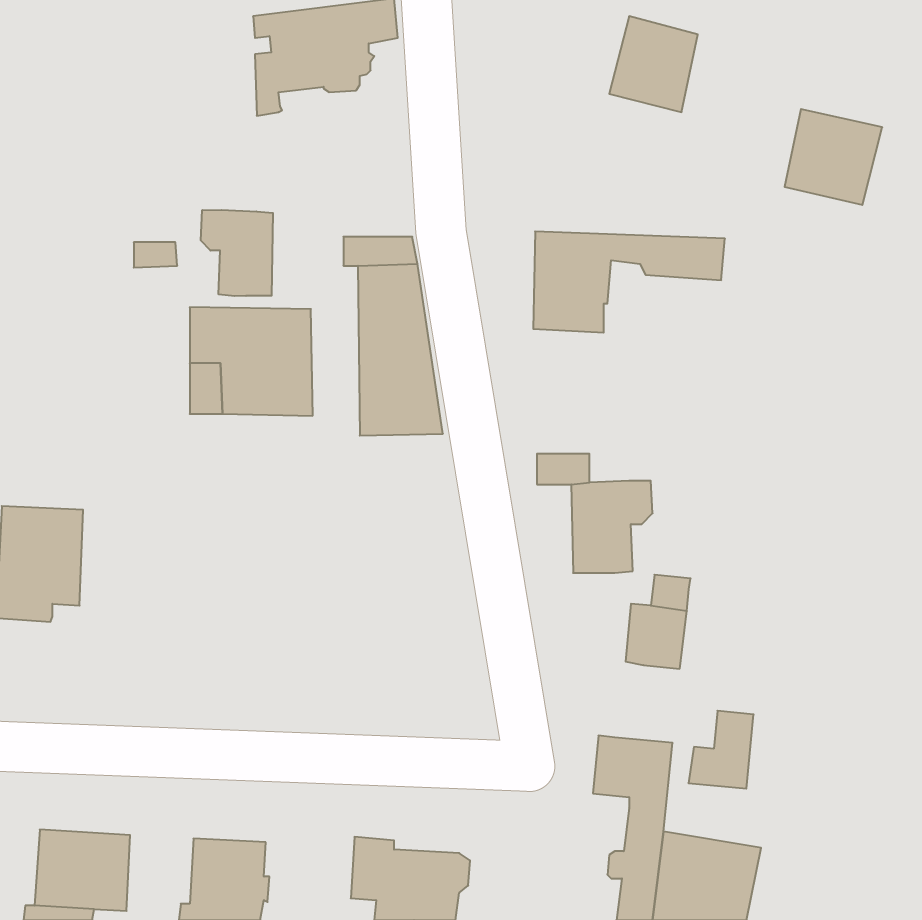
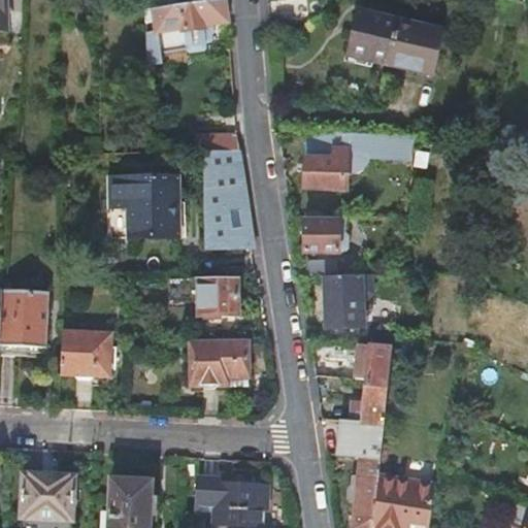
building: [785,109,882,205] -> [389,20,444,74]
building: [201,210,273,296] -> none
building: none -> [304,217,366,253]
building: none -> [197,277,238,316]
building: none -> [59,330,109,373]
building: none -> [191,338,248,385]
building: [688,711,754,789] -> [351,380,388,424]

